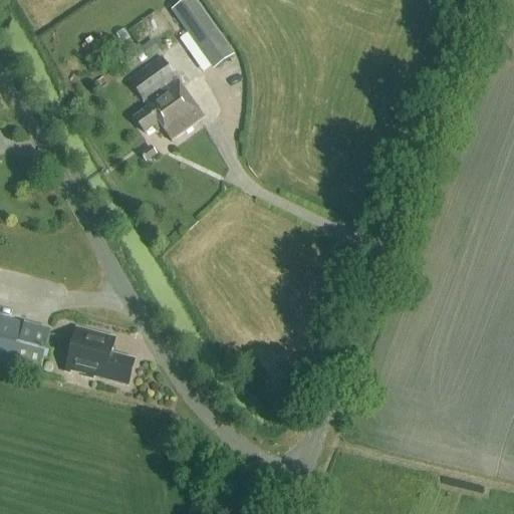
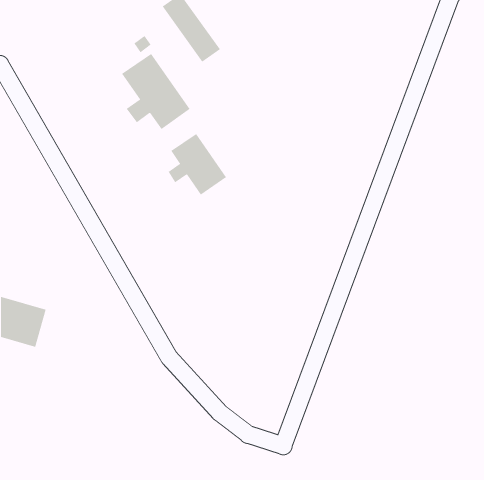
building: none -> [168,133,227,196]
building: [64,324,135,383] -> none

